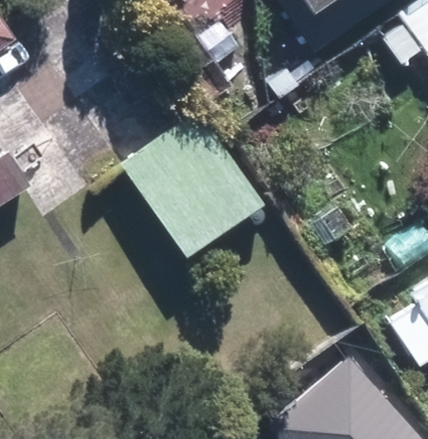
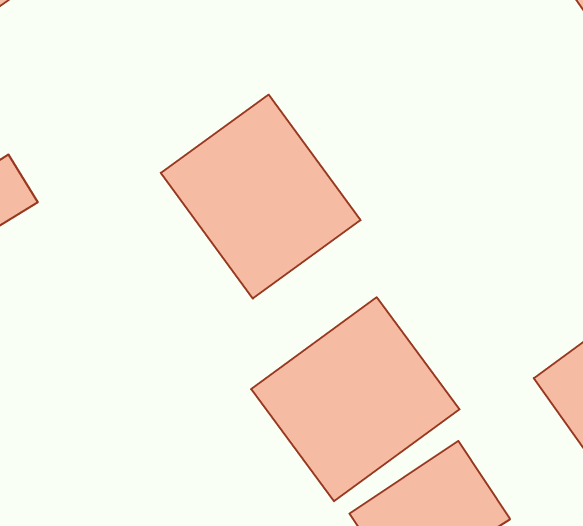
building: none -> [251,297,460,501]

